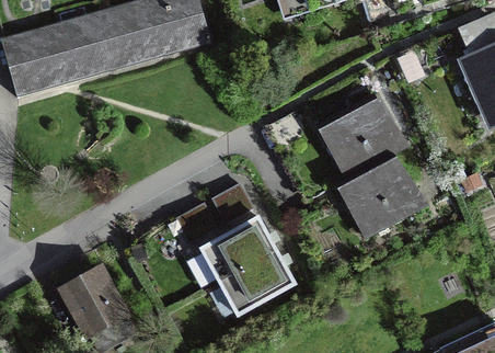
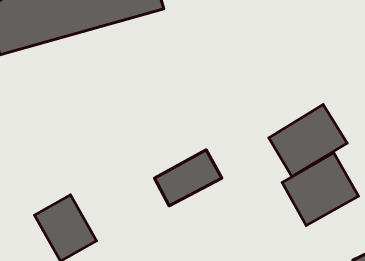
building: [318,94,408,181] -> [282,153,359,226]
building: [220,244,302,315] -> none

